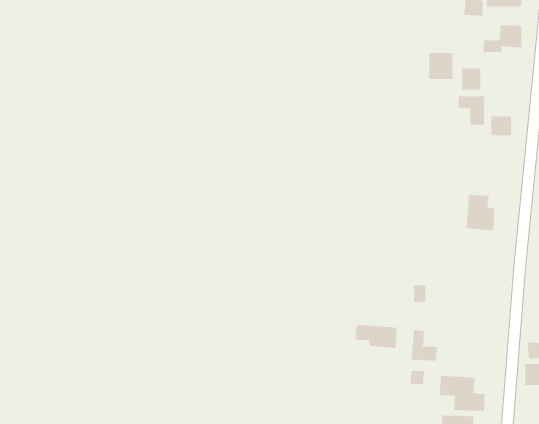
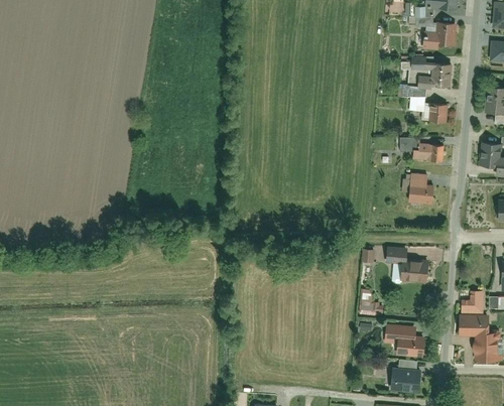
building: [429,52,453,79] -> [428,62,450,86]
building: none -> [398,140,443,161]
building: none -> [388,251,427,282]
building: [355,324,397,349] -> none

